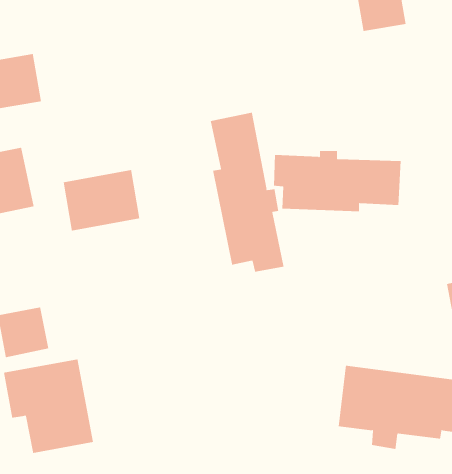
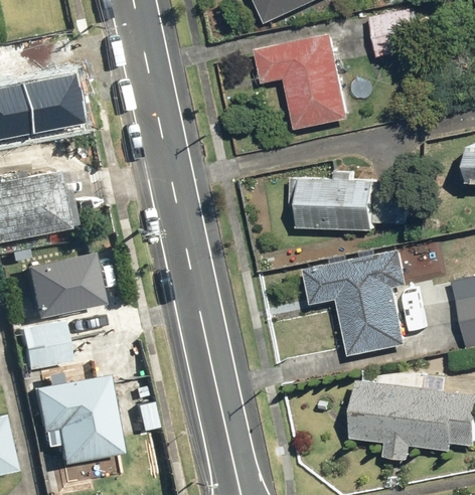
building: none -> [254,33,347,129]
building: [210,112,284,273] -> none
building: [63,170,140,231] -> [30,258,105,317]
building: none -> [303,250,407,355]

